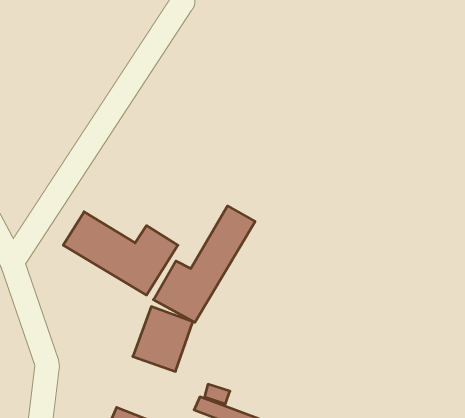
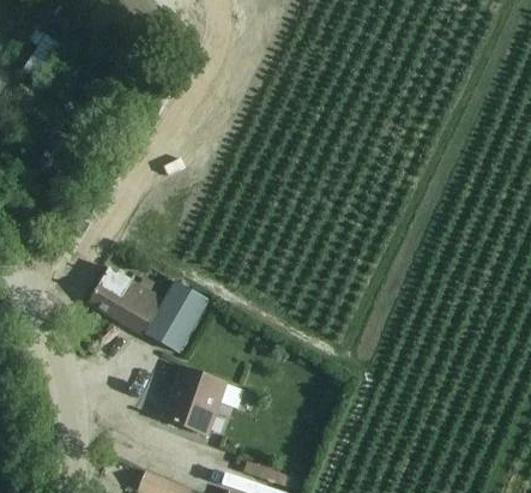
building: [153,206,255,322] -> none

